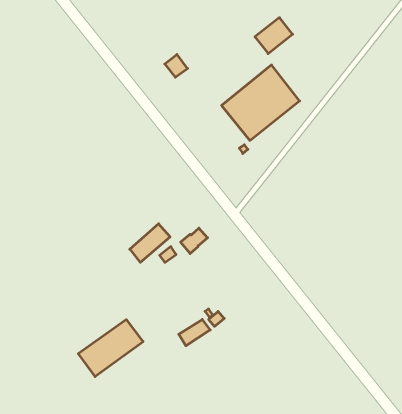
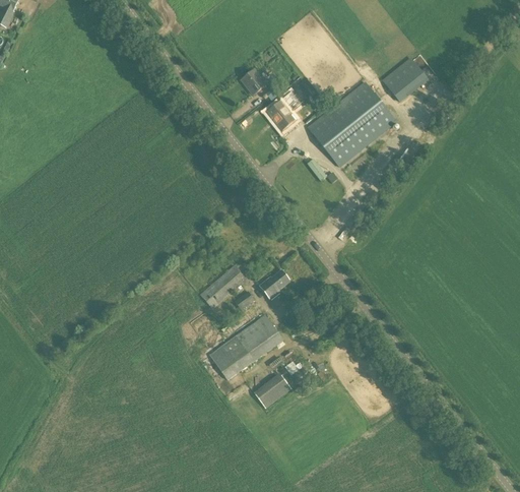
building: [255,18,293,54] -> [384,59,428,101]
building: none -> [266,100,297,132]
building: [78,320,143,377] -> [208,314,283,380]

